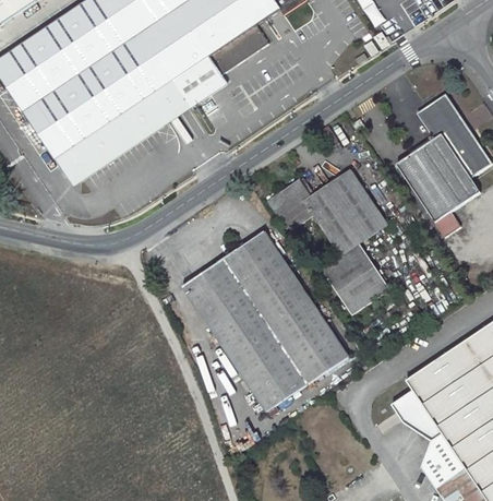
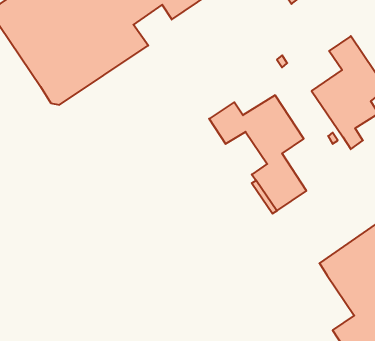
building: [172,56,227,107] -> none
building: [182,231,347,410] -> none
building: [405,395,449,464] -> none

